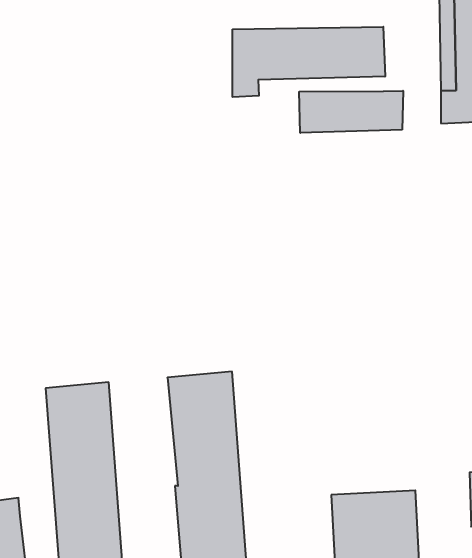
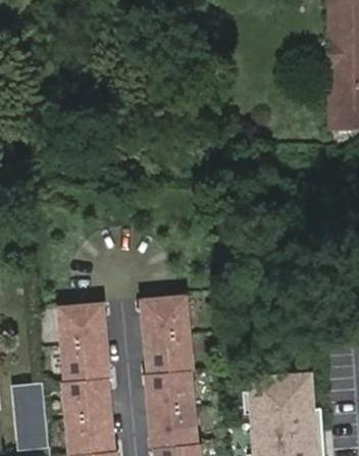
building: [233,27,385,97] -> none
building: [299,91,403,133] -> none

